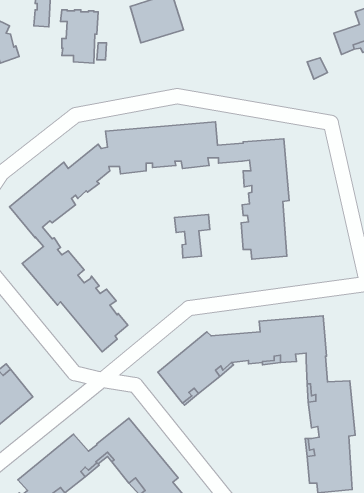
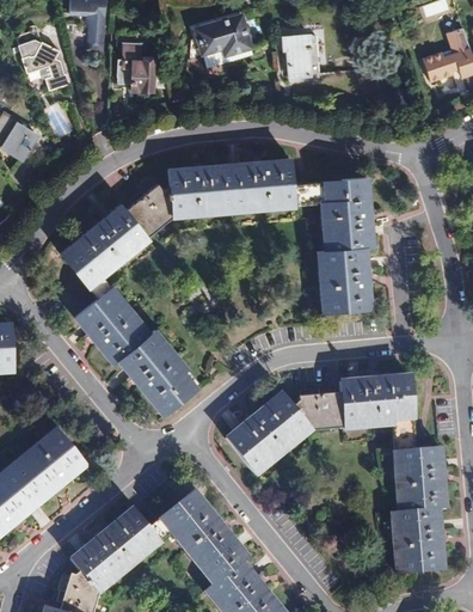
building: none -> [283,35,320,78]
building: [175,214,210,258] -> none

